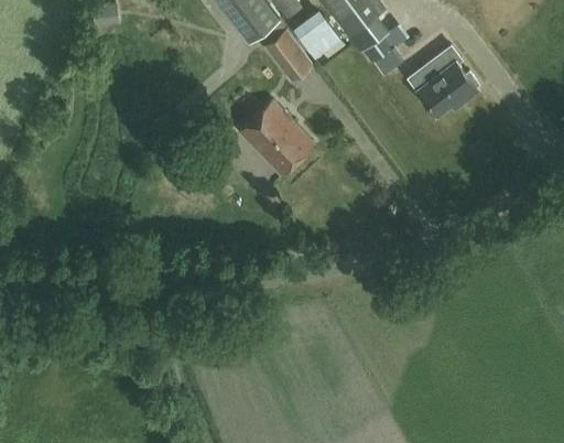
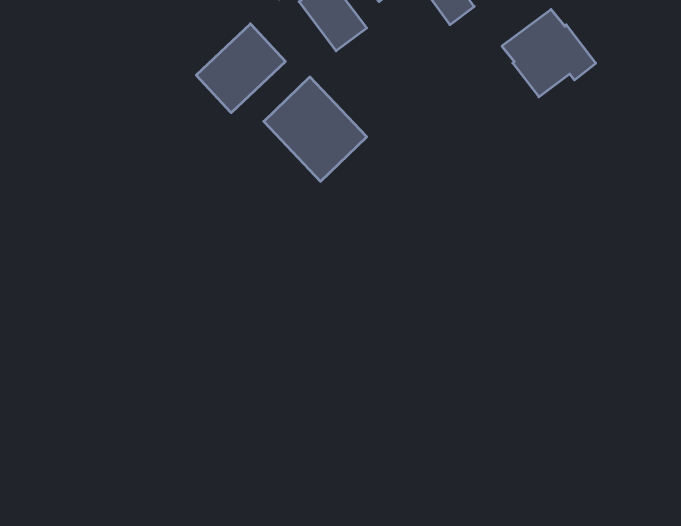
building: none -> [196,24,285,113]

